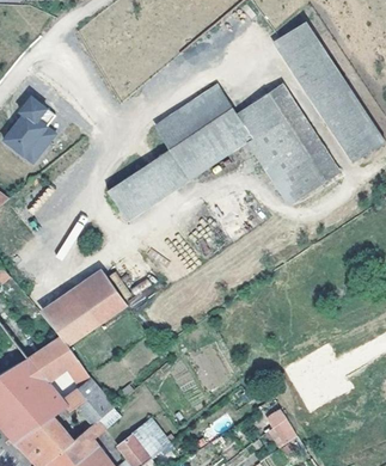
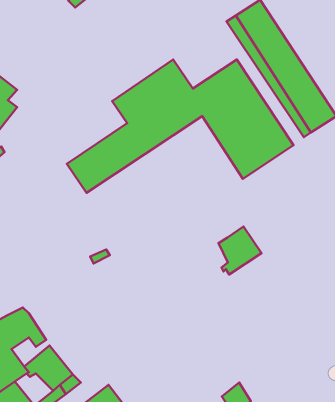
building: none -> [218,227,262,275]
building: [43,274,125,345] -> none

